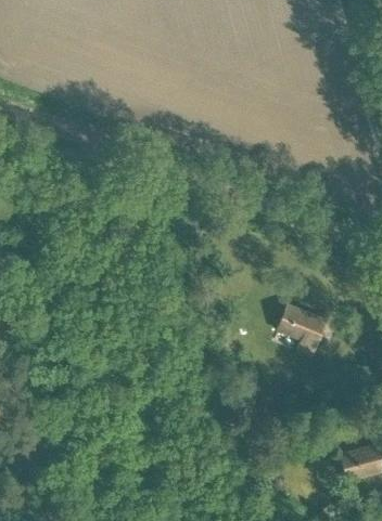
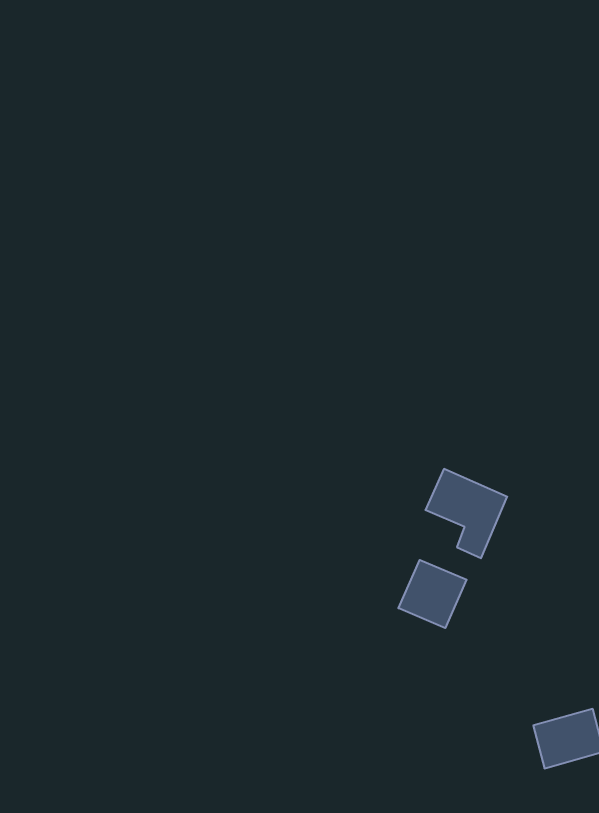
building: none -> [398,560,467,628]

